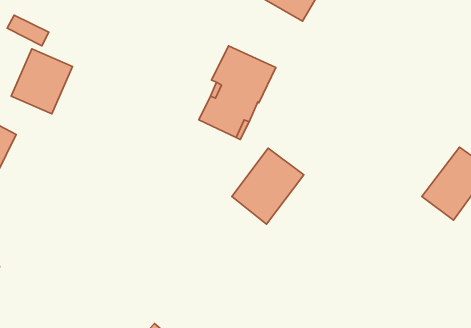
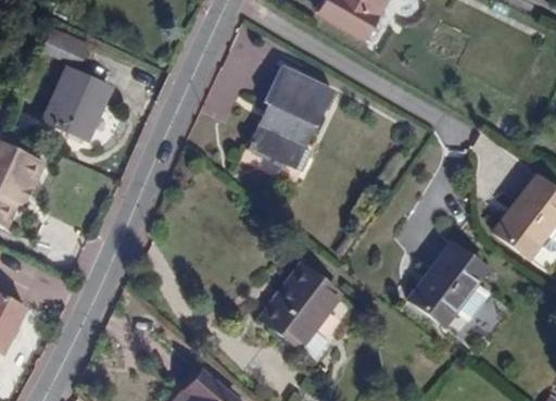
building: [232,148,304,224] -> [261,265,340,349]
building: none -> [408,243,488,326]

